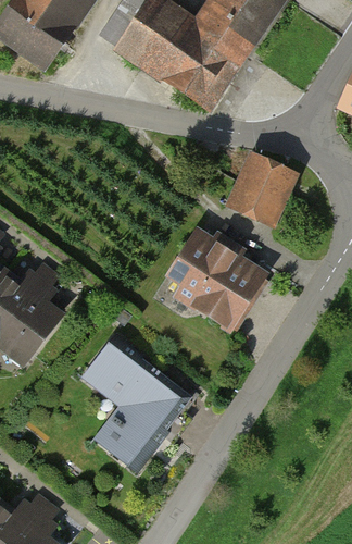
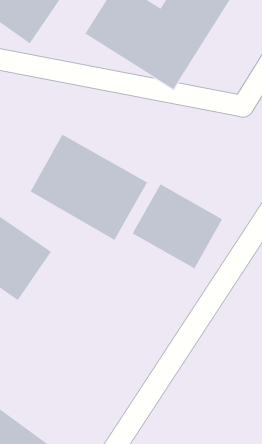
building: [226,152,296,223] -> none
building: none -> [30,134,148,241]
building: [81,346,185,471] -> none

